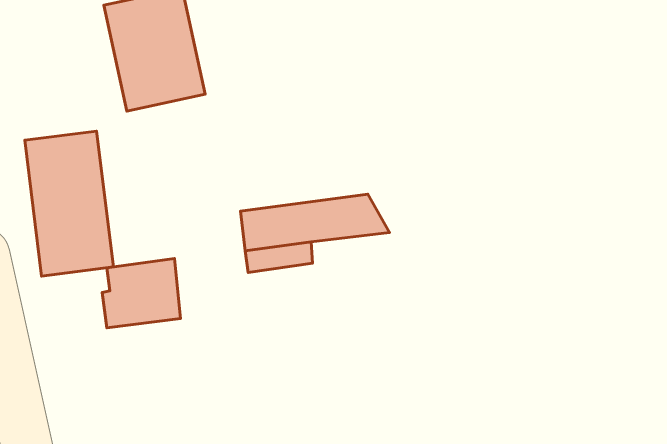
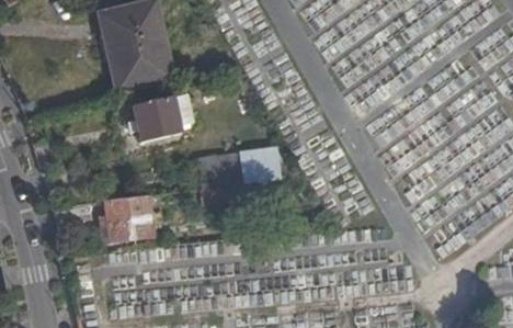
building: none -> [132,97,181,139]
building: [25,131,114,276] -> none

